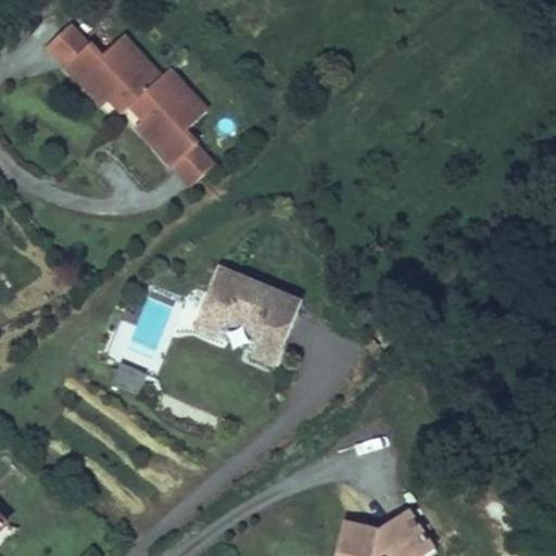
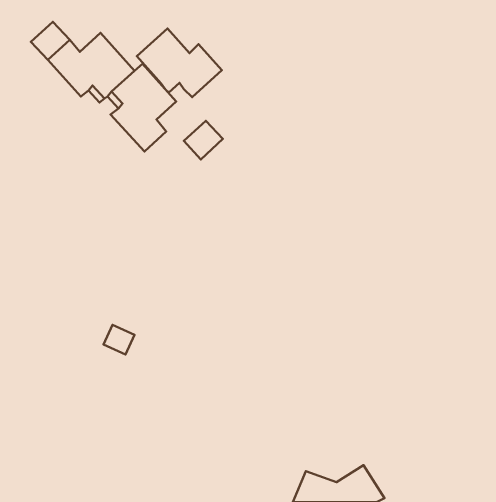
building: none -> [137,28,222,97]
building: [172,143,214,186] -> [184,121,223,160]
building: [192,273,300,370] -> none

